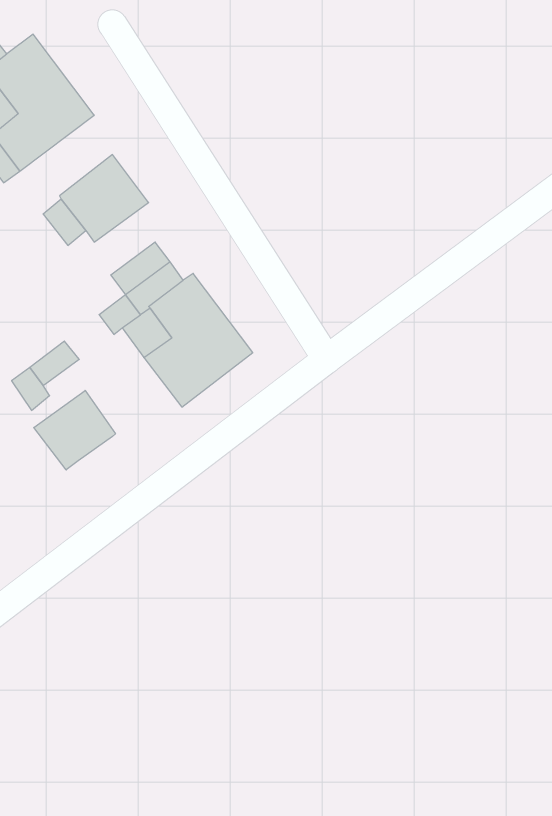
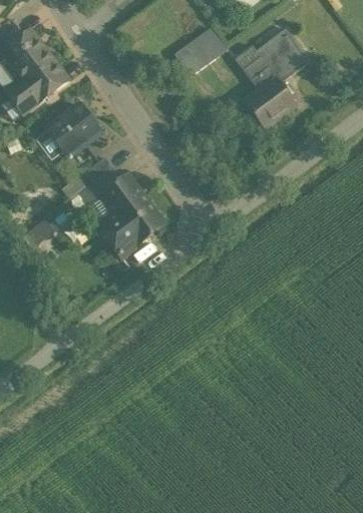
building: none -> [175,27,229,76]
building: none -> [235,28,311,128]
building: [34,390,115,470] -> none

